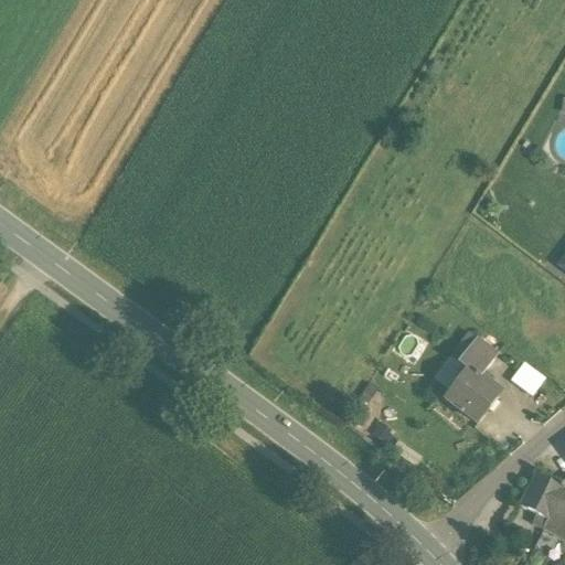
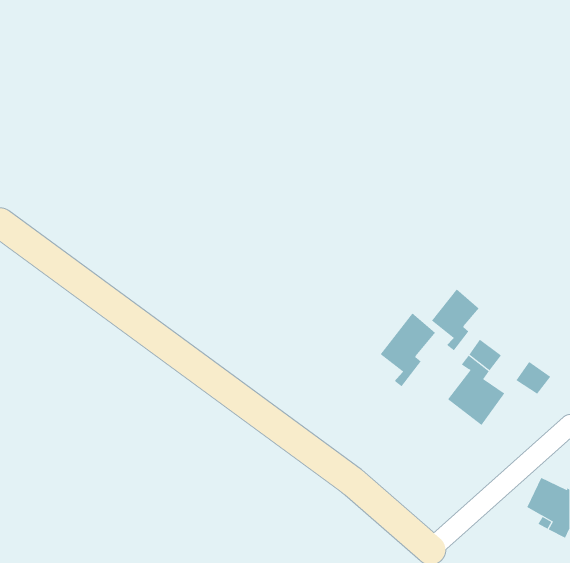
building: none -> [431,289,480,351]
building: none -> [380,312,436,387]

